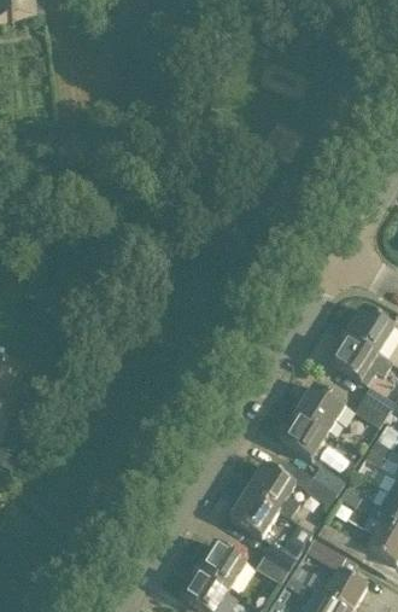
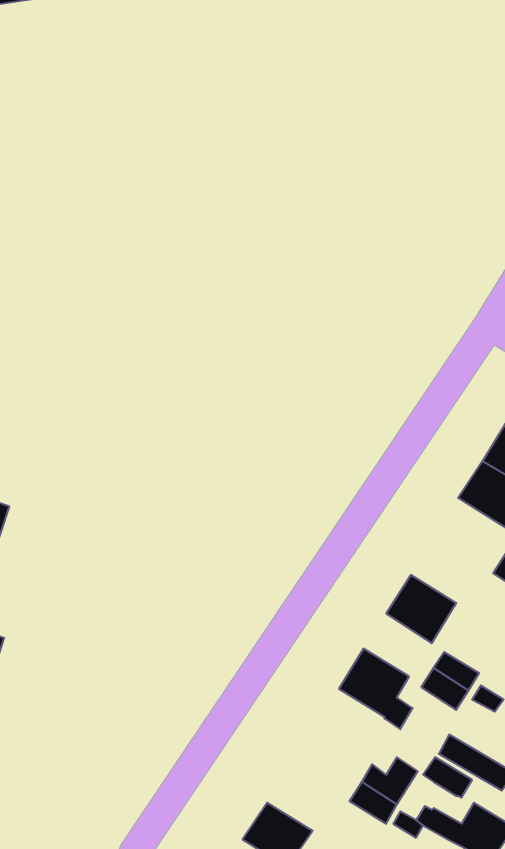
building: [297,384,345,431] -> none
building: [230,490,279,536] -> none
building: [198,541,247,588] -> none

